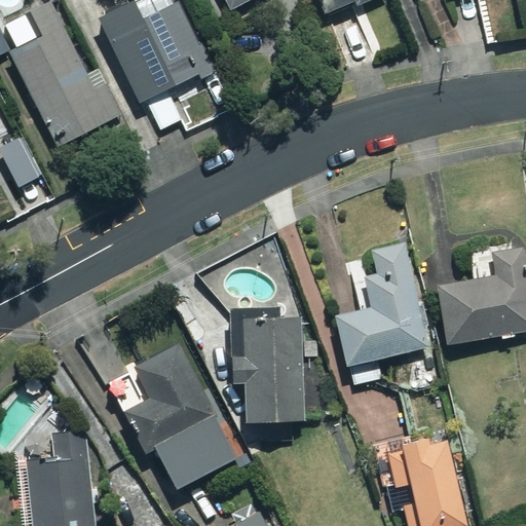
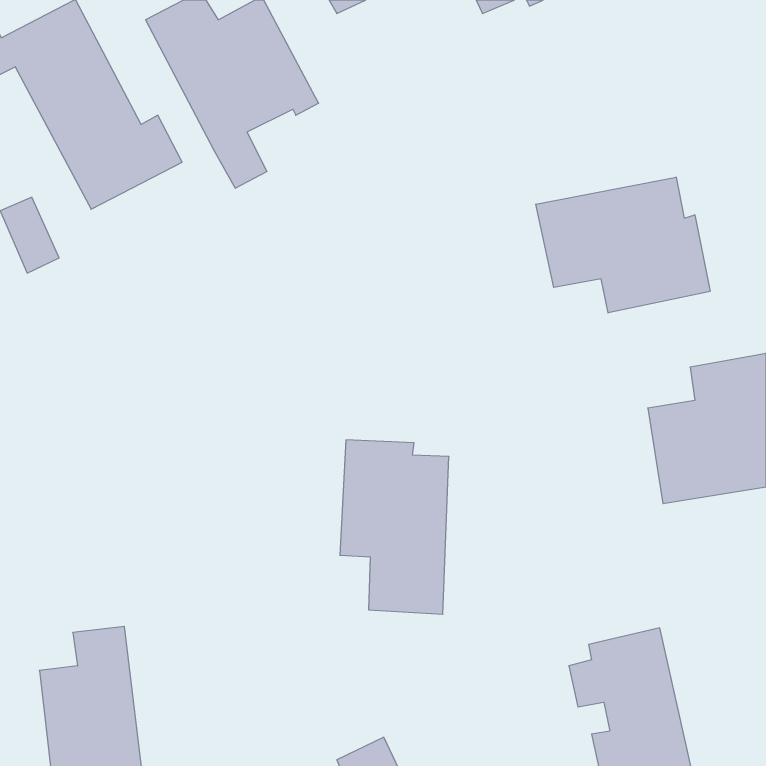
building: none -> [536,177,710,313]
building: [336,245,426,387] -> none
building: [102,344,236,490] -> none

